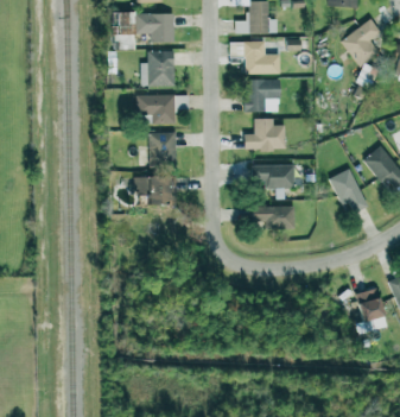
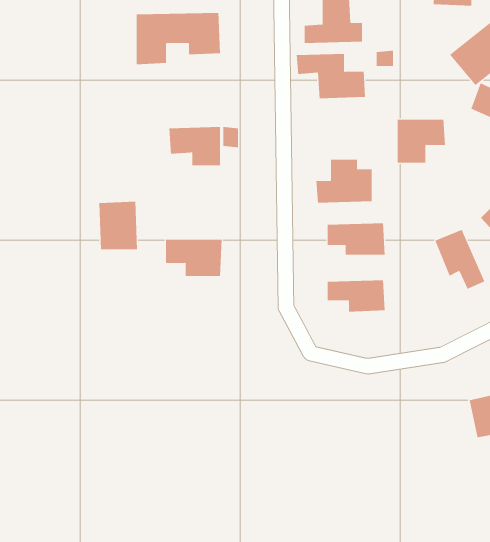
building: [141,51,174,87] -> none
building: [245,80,280,112] -> [397,119,446,163]
building: [148,132,177,168] -> [99,201,138,250]

